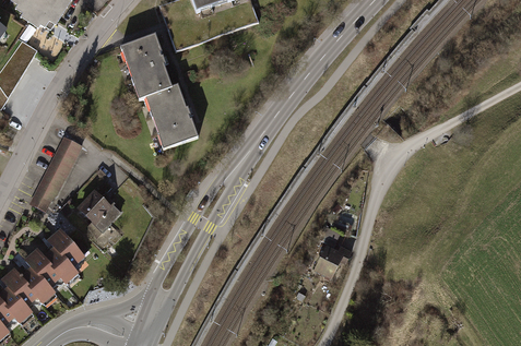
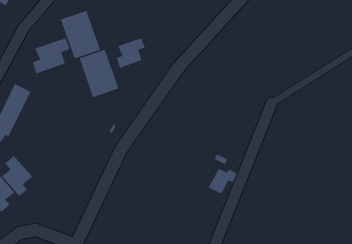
building: none -> [116,38,146,69]
building: none -> [32,38,71,75]
building: [76,177,118,226] -> none

